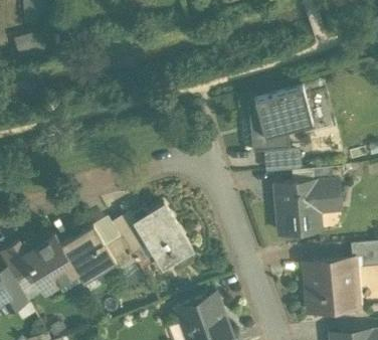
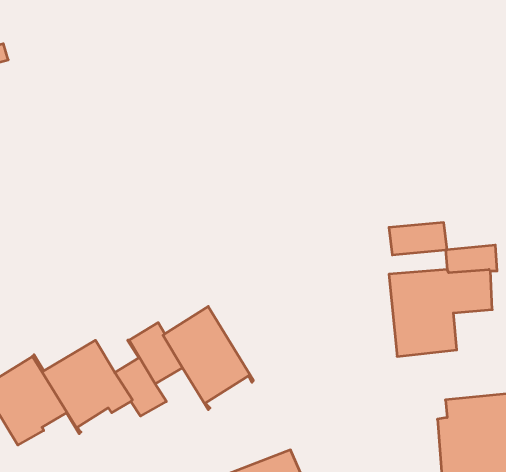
building: [247,88,312,152] -> none

